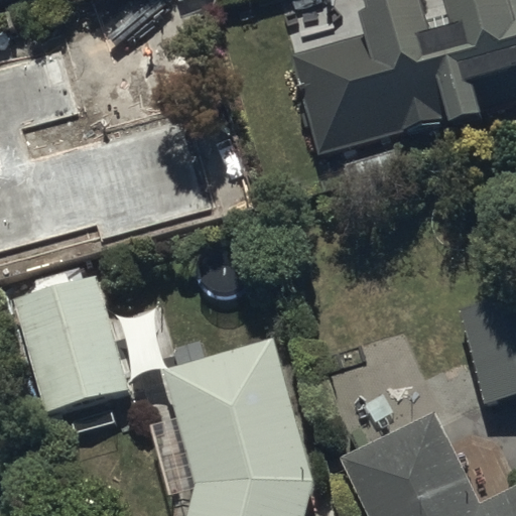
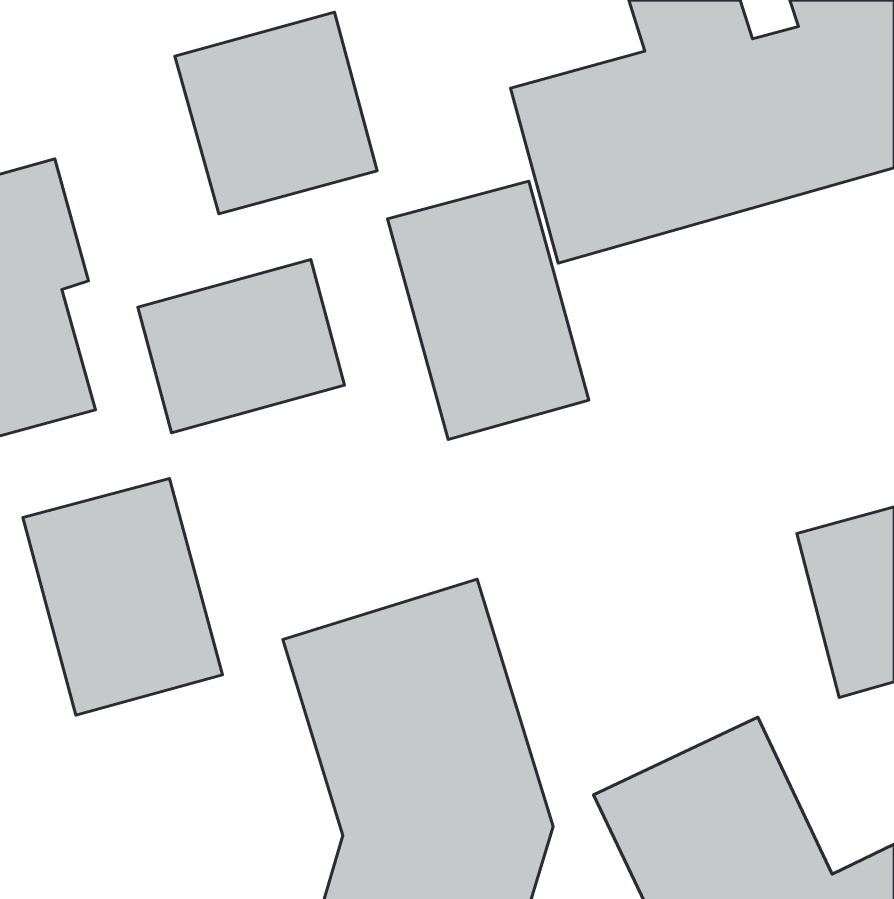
building: none -> [175,12,377,214]
building: none -> [388,181,589,439]

